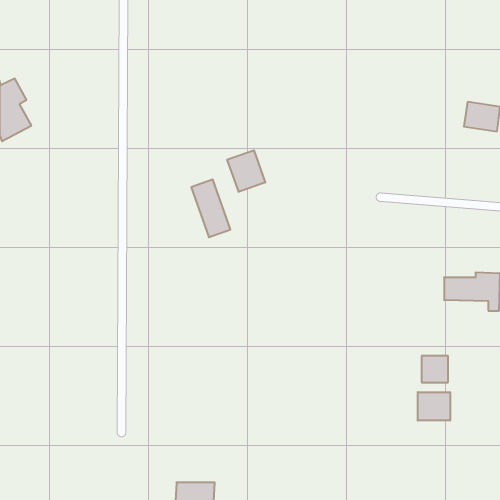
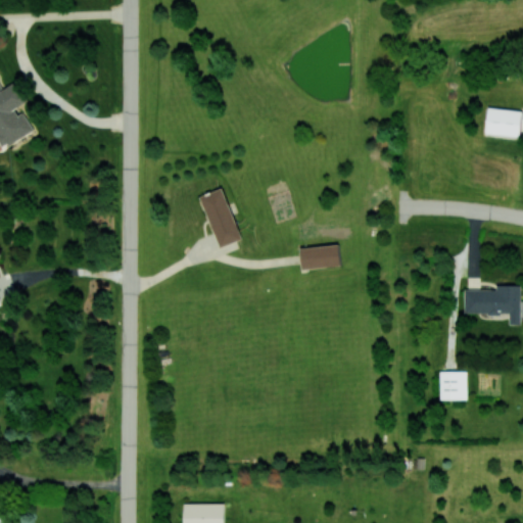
building: [227,150,265,192] -> none
building: none -> [299,245,340,269]
building: [418,392,450,421] -> none

